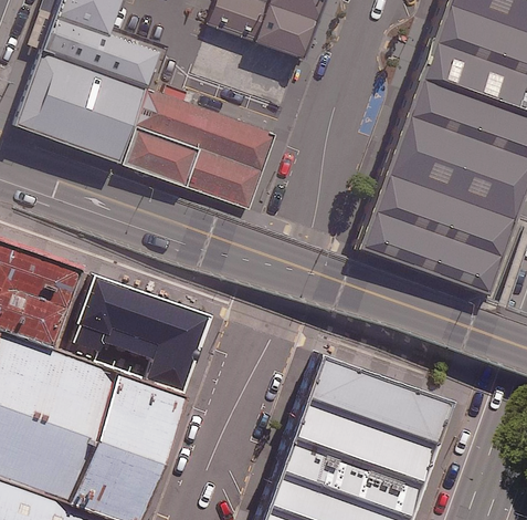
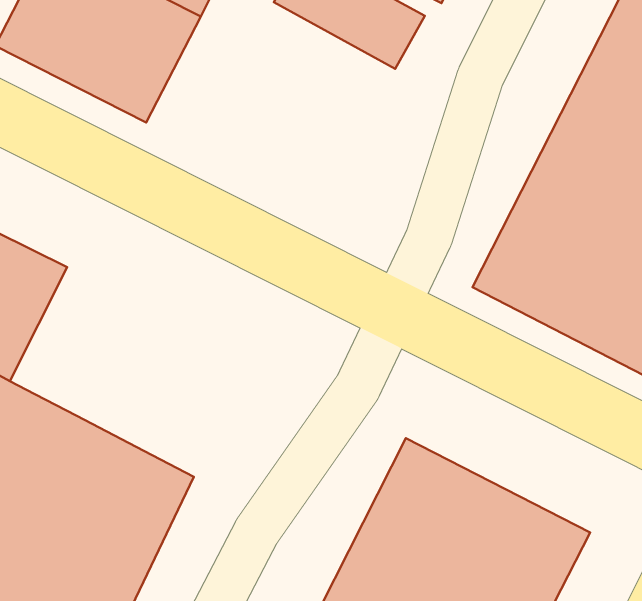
building: [120,87,277,209] -> none
building: [68,277,210,395] -> none

